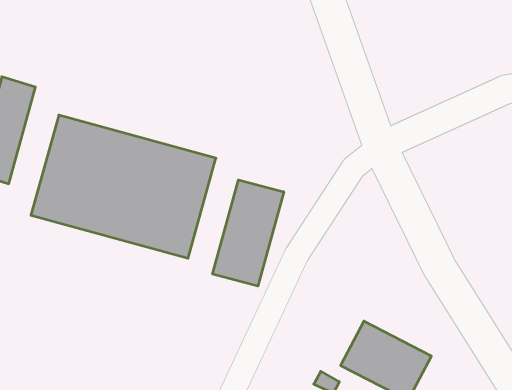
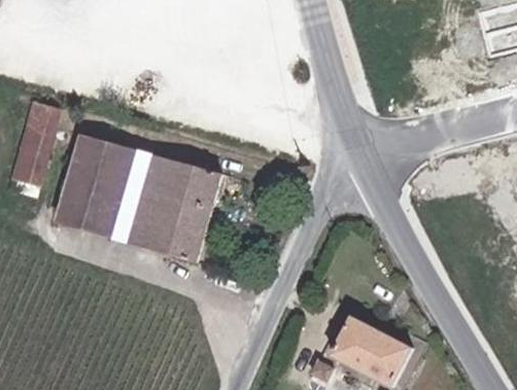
building: [213,180,284,286] -> none

